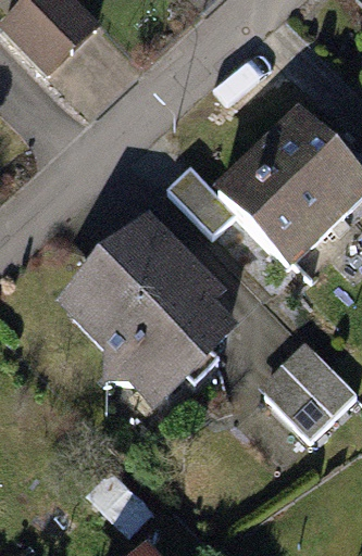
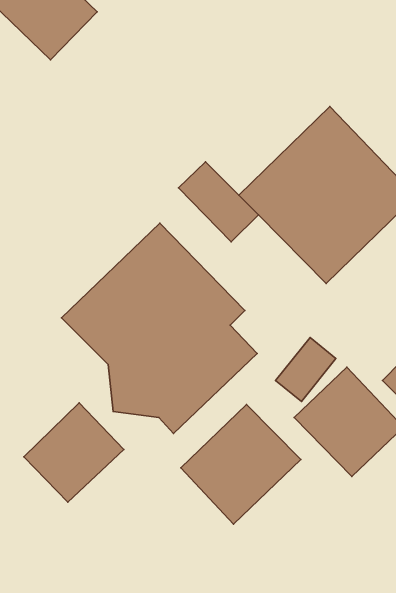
building: none -> [24,403,124,502]
building: none -> [181,405,301,524]

